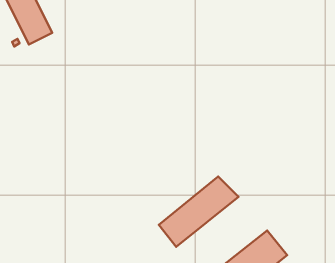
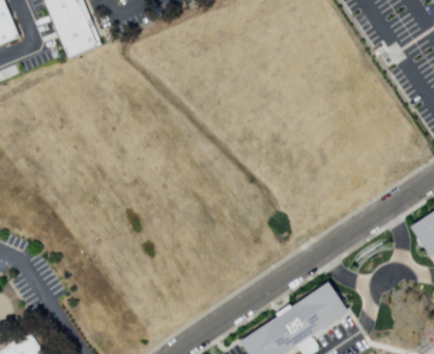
building: [159,177,238,247] -> none

